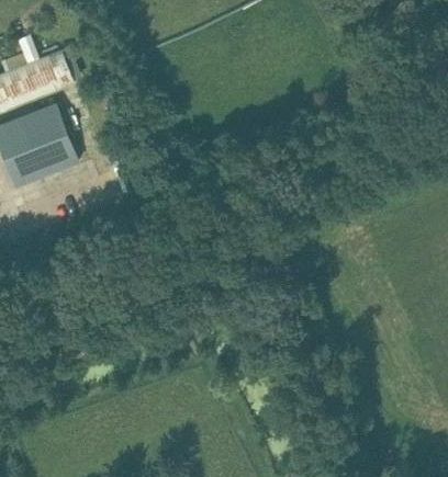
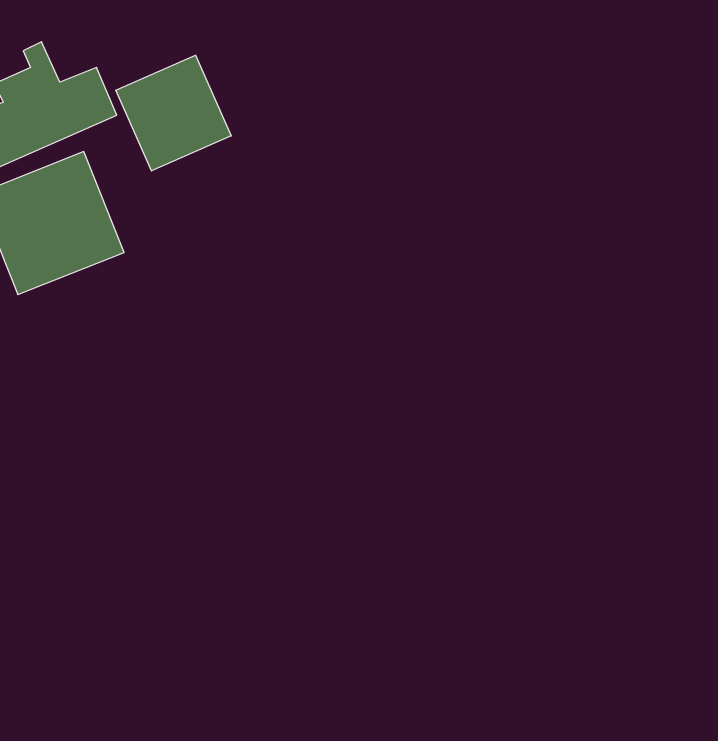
building: none -> [116,55,231,171]

